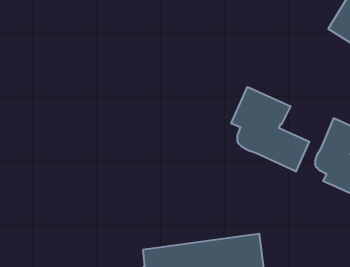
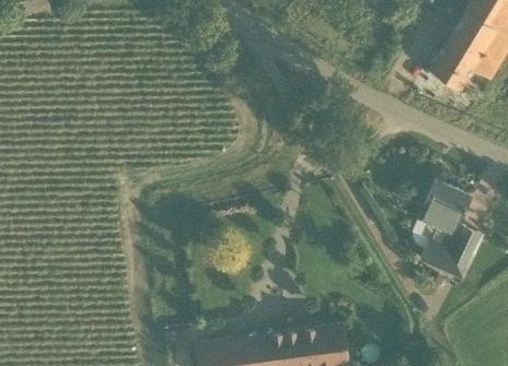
building: [231,87,309,172] -> none

